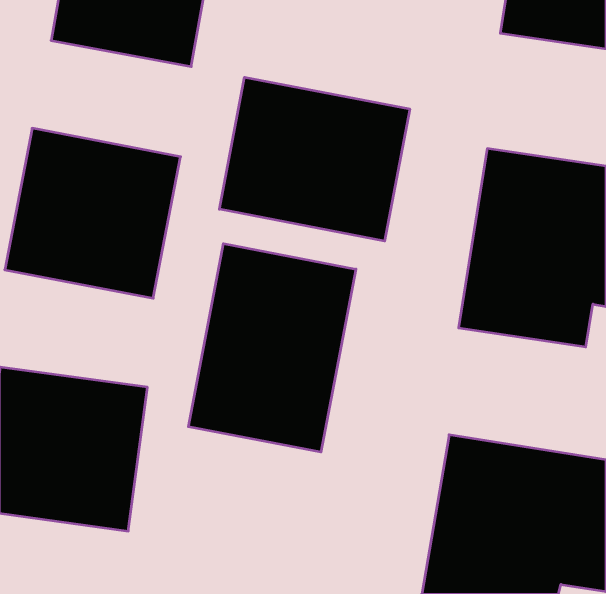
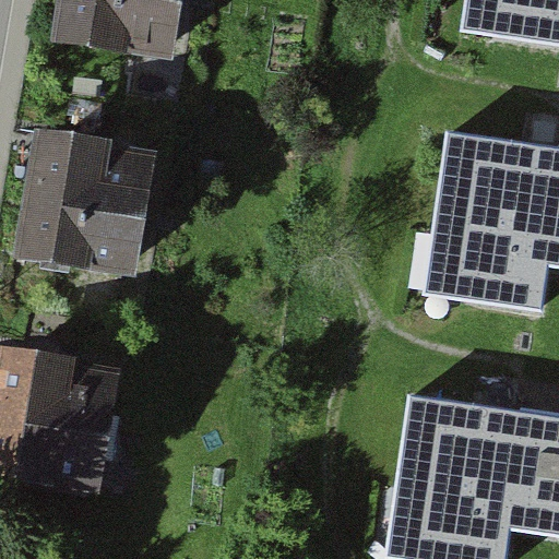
building: [219,77,410,241] -> none
building: [188,244,356,452] -> none

